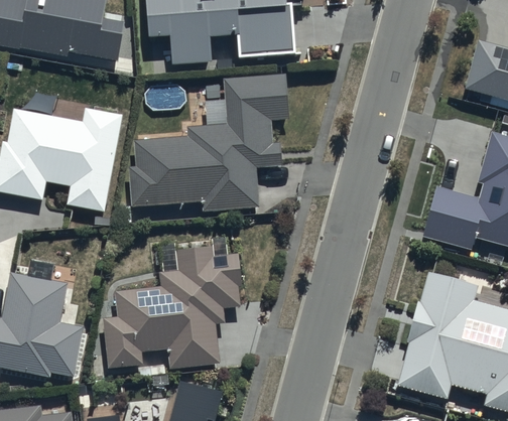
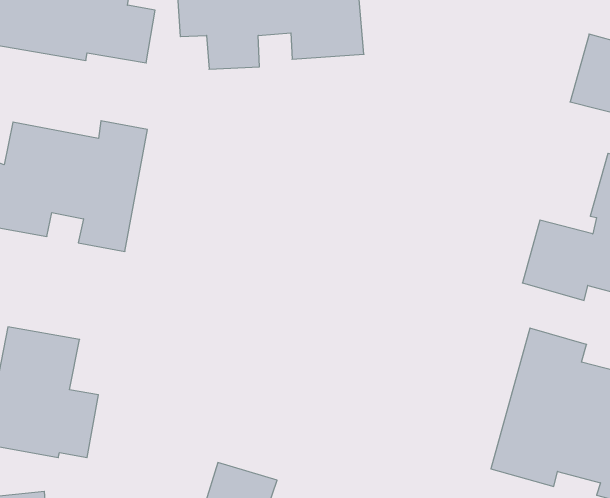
building: [129,74,289,212] -> none
building: [103,239,242,365] -> none

